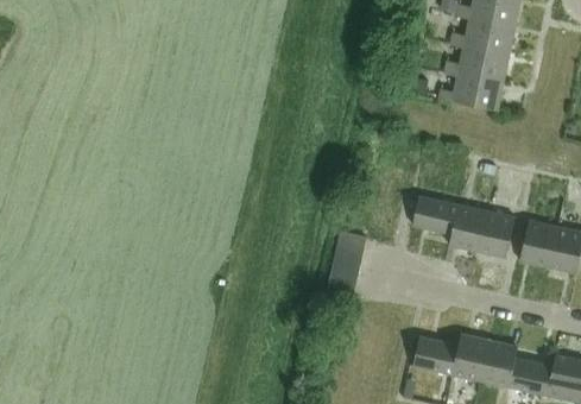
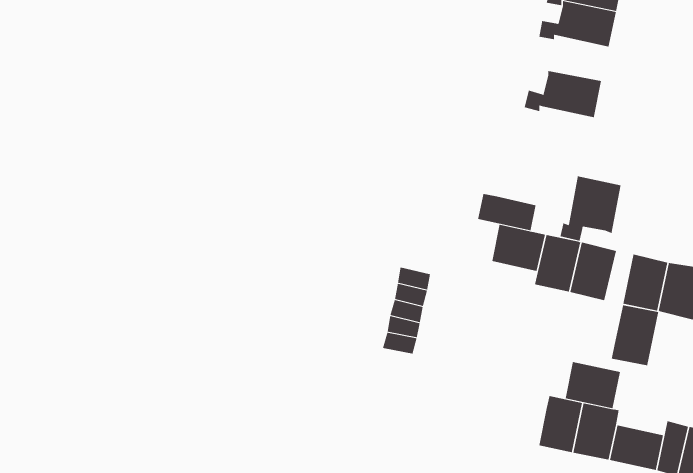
building: [446,44,509,81] -> none
building: none -> [560,176,621,242]
building: none -> [478,193,536,231]
building: none -> [611,304,659,366]
building: [412,336,457,374] -> [565,362,621,409]

